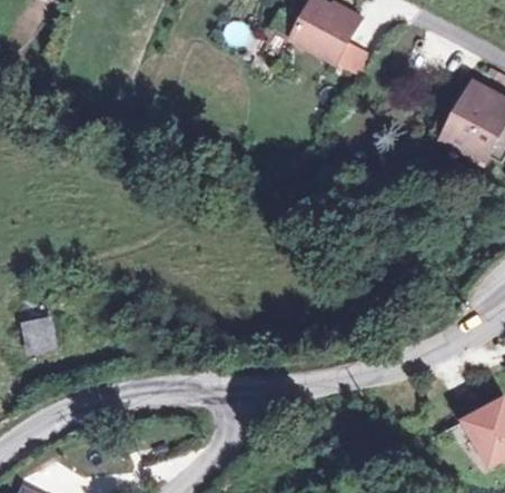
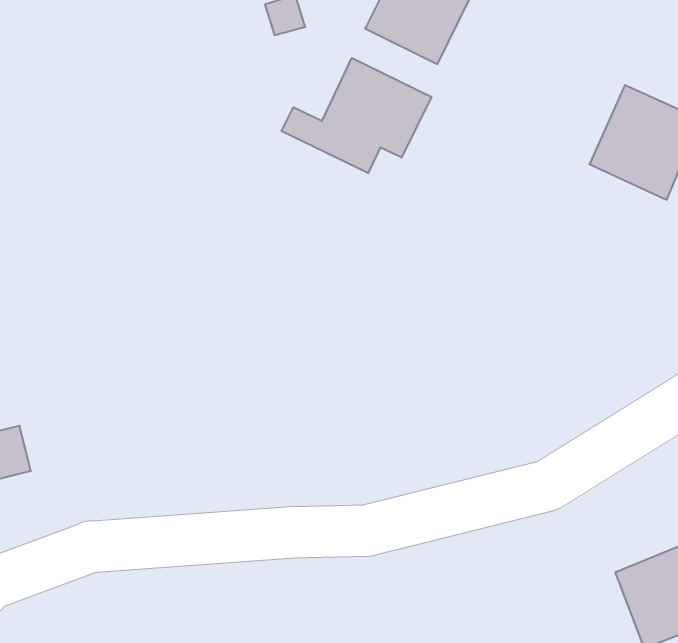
building: none -> [281,58,431,173]

